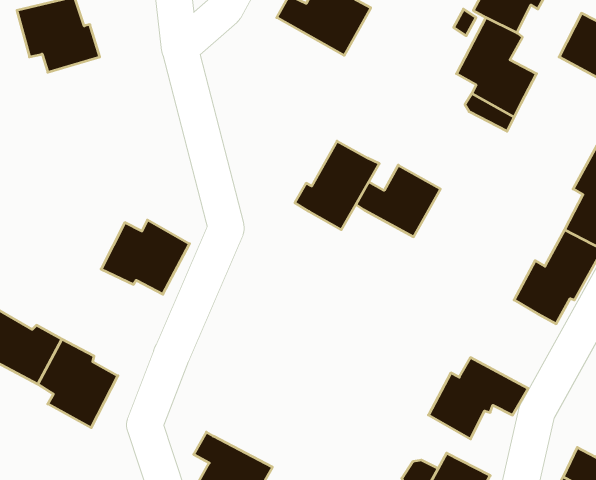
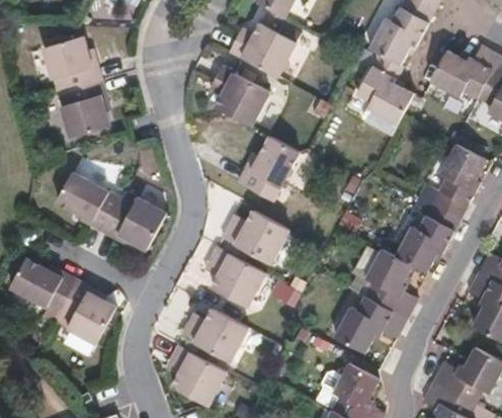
building: none -> [212,67,268,128]
building: none -> [58,79,108,137]
building: [356,165,440,237] -> [224,212,284,263]
building: none -> [55,172,118,232]
building: none -> [367,247,419,318]
building: none -> [210,249,260,307]
building: none -> [181,311,249,365]

